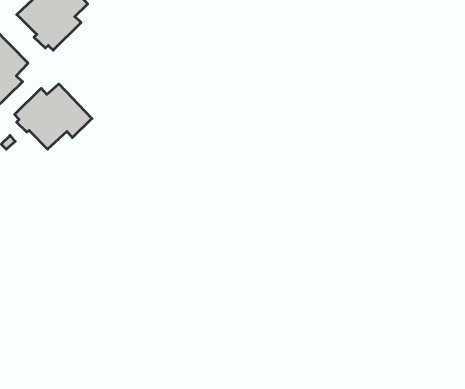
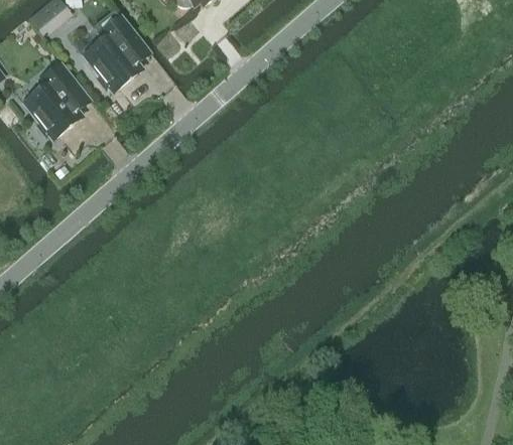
building: [15,84,92,149] -> none

